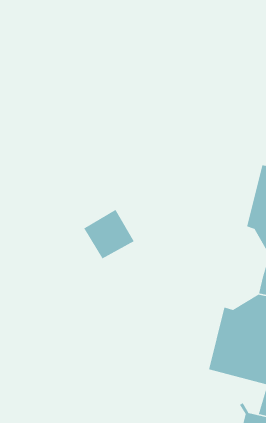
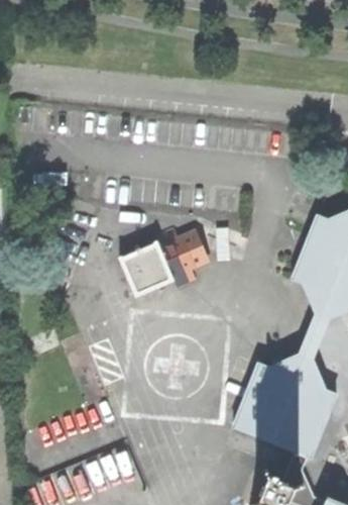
building: none -> [155,227,210,287]

